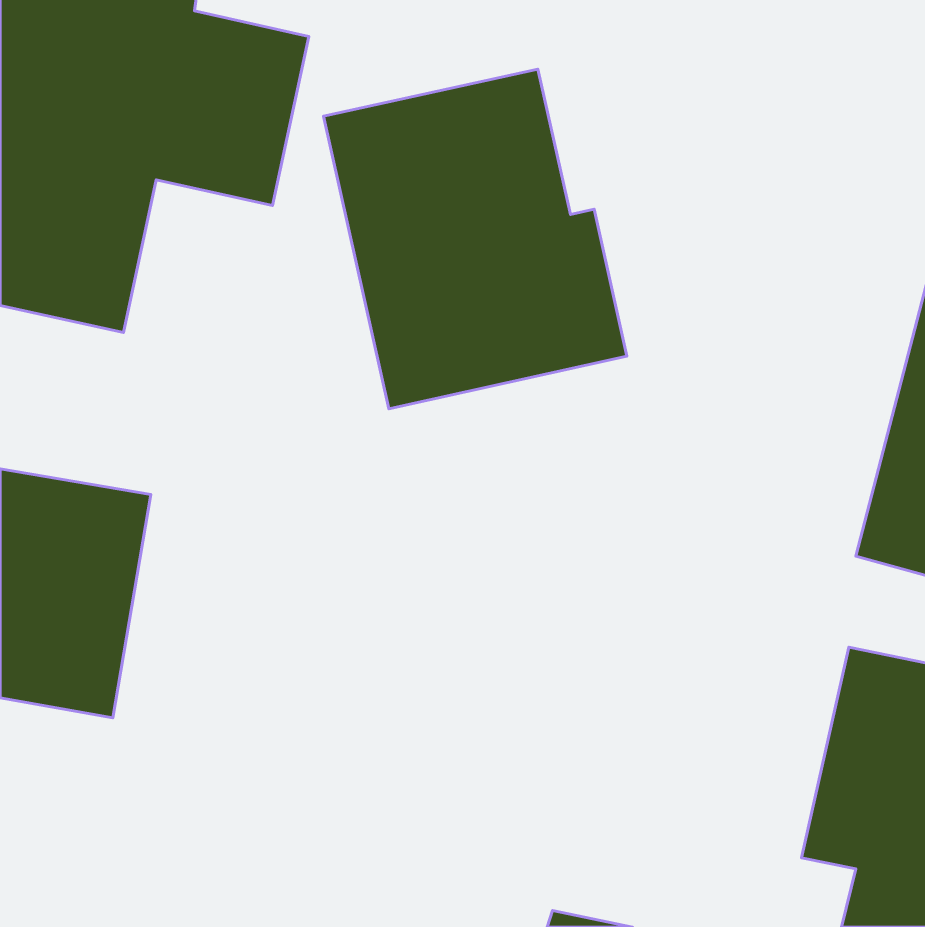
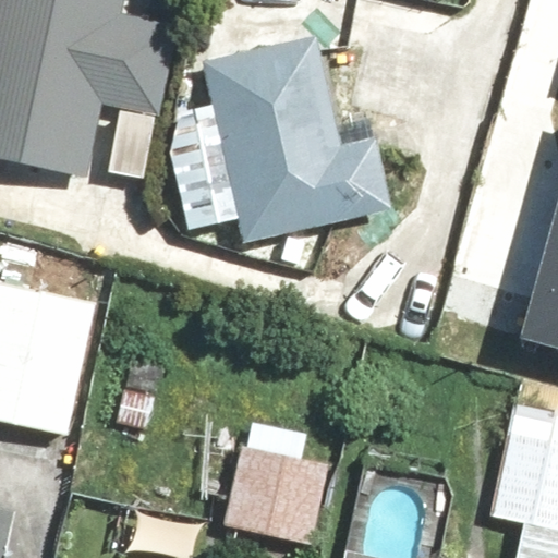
building: none -> [213,416,327,547]

